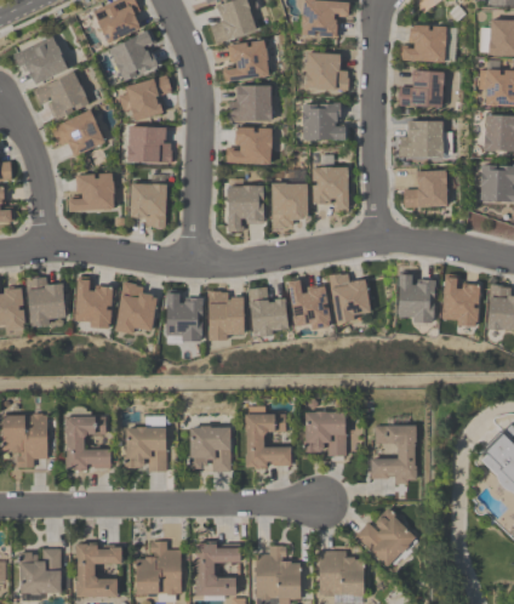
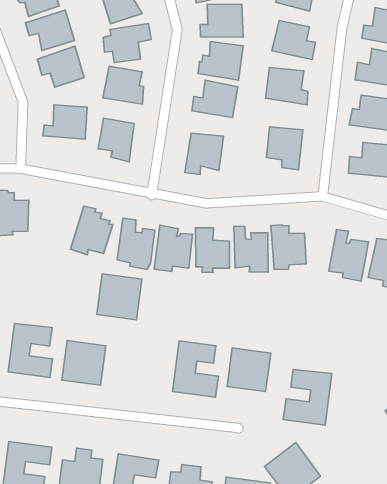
building: [270,183,308,227] -> none
building: [74,275,113,327] -> none
building: [188,427,232,472] -> [97,274,142,320]

